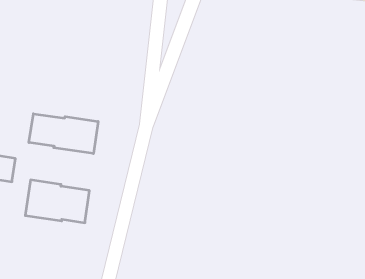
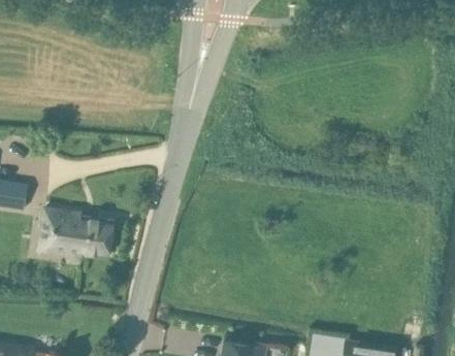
building: [29,114,98,154] -> none

